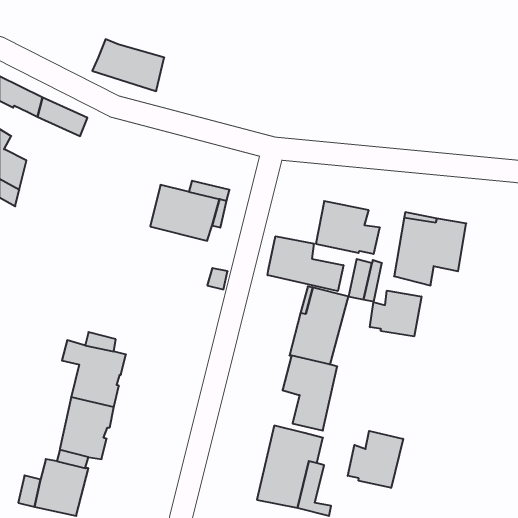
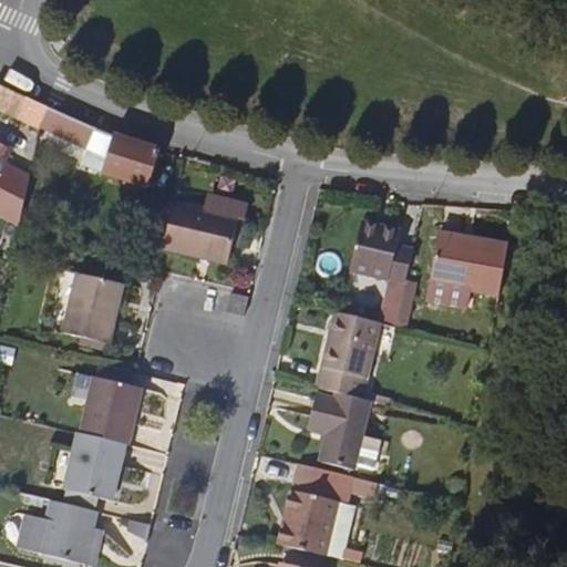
building: [92,39,164,91] -> [81,128,159,185]
building: [268,236,343,291] -> none
building: none -> [64,274,123,342]
building: [370,291,421,336] -> none
building: [348,431,403,488] -> none

